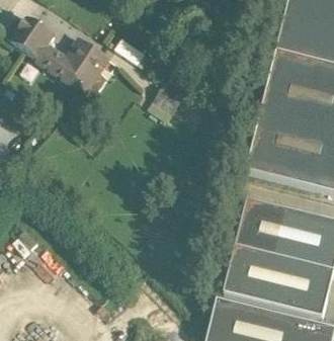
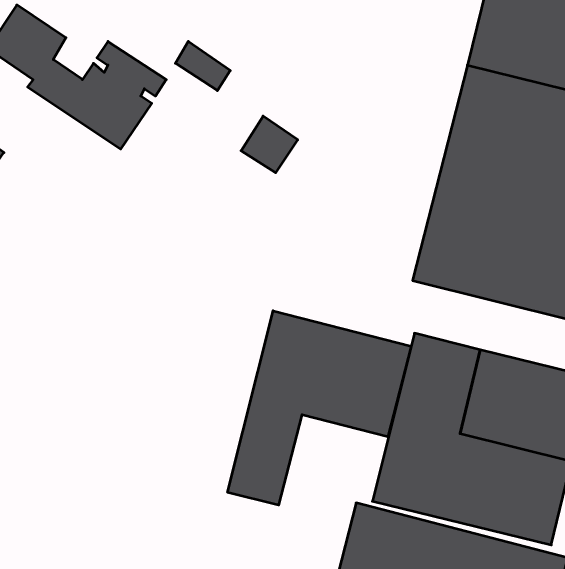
building: none -> [228,311,411,505]

